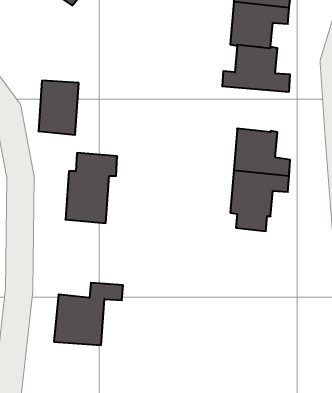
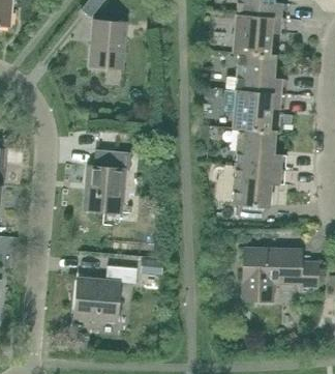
building: [38,81,79,135] -> [90,20,126,68]
building: none -> [224,89,285,131]
building: none -> [243,248,317,300]

